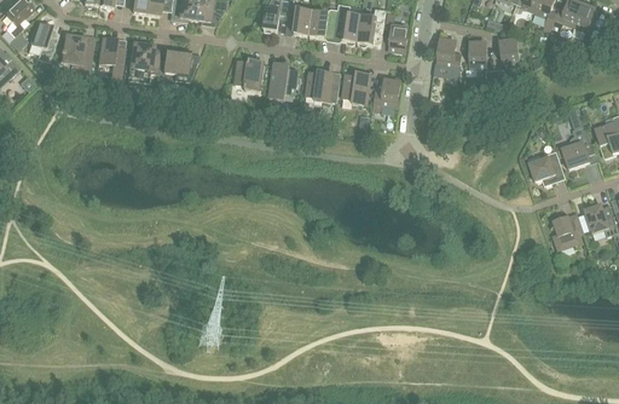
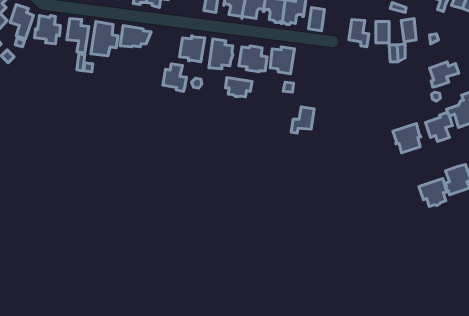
building: [372,79,400,110] -> [291,107,314,133]
building: none -> [429,62,459,87]
building: none -> [163,64,186,91]
building: none -> [226,77,252,97]
building: none -> [393,123,421,153]
building: none -> [419,179,447,207]

